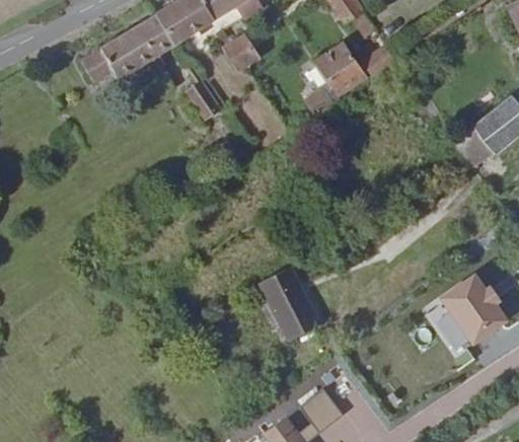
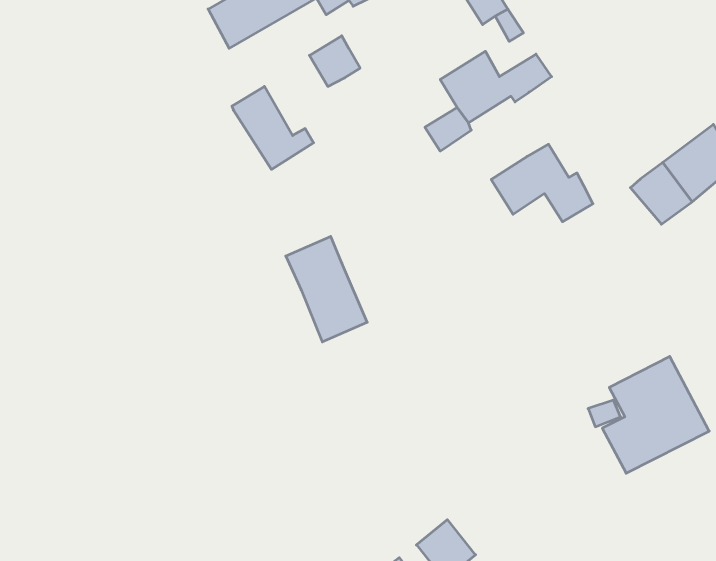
building: [72,16,166,91] -> none
building: none -> [491,144,593,222]
building: [260,270,318,346] -> [286,236,367,342]

